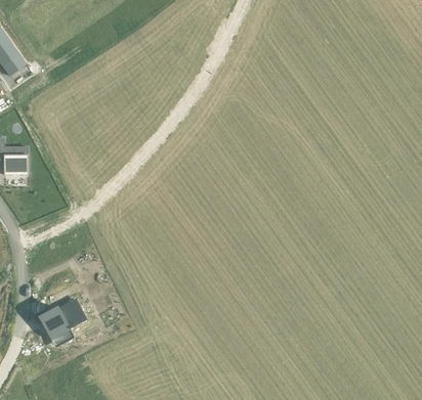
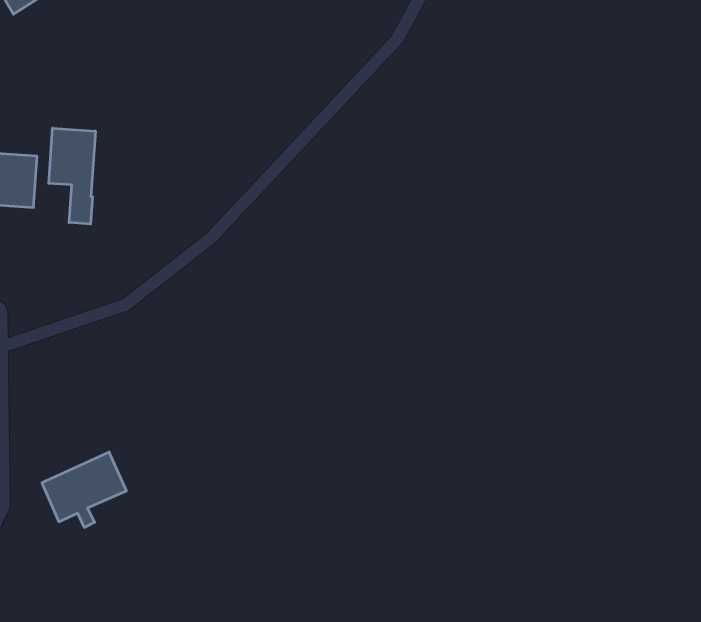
building: none -> [49,128,95,224]

